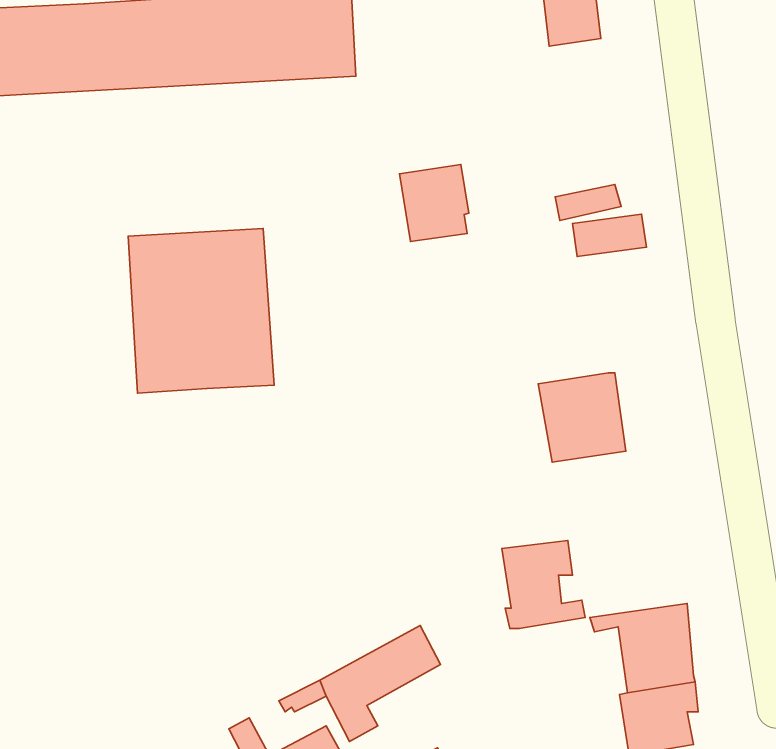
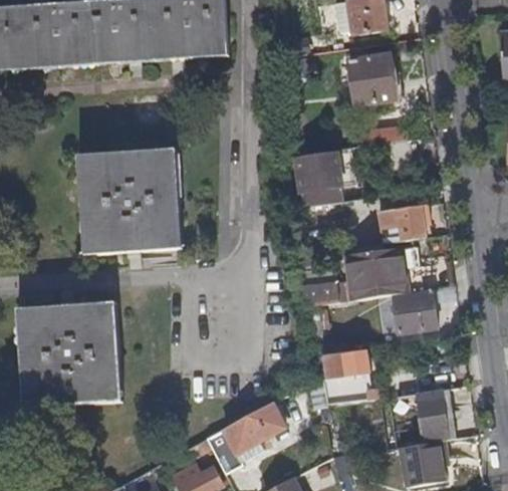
building: none -> [349,53,397,103]
building: [400,164,469,241] -> [296,156,340,205]
building: none -> [388,203,433,241]
building: none -> [296,280,347,306]
building: none -> [396,284,456,333]
building: none -> [21,300,116,406]

